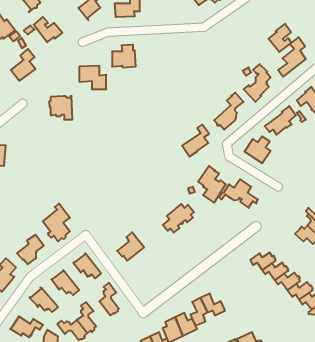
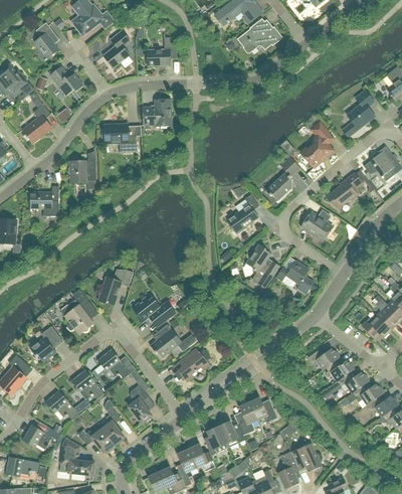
building: [268,24,291,52] -> none
building: none -> [30,185,58,215]
building: none -> [97,269,133,305]
building: [163,204,194,233] -> [173,347,210,381]
building: none -> [135,297,175,324]

